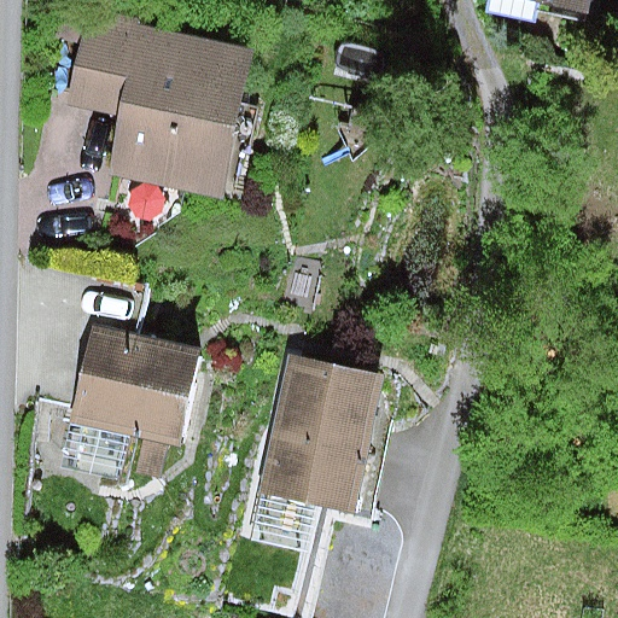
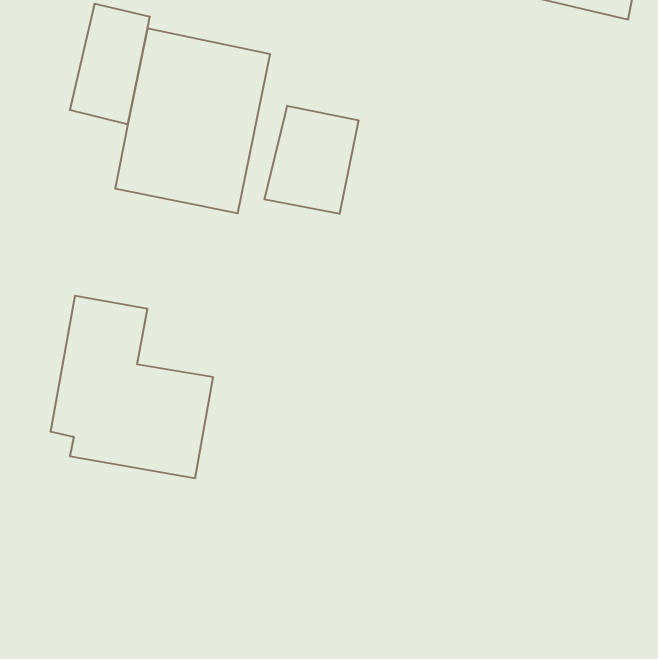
building: none -> [264,106,359,214]
building: [257,356,392,512] -> none

